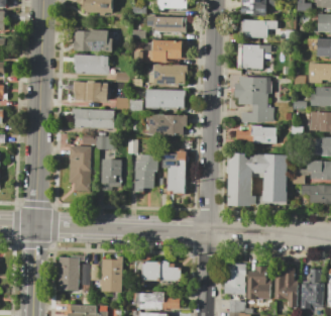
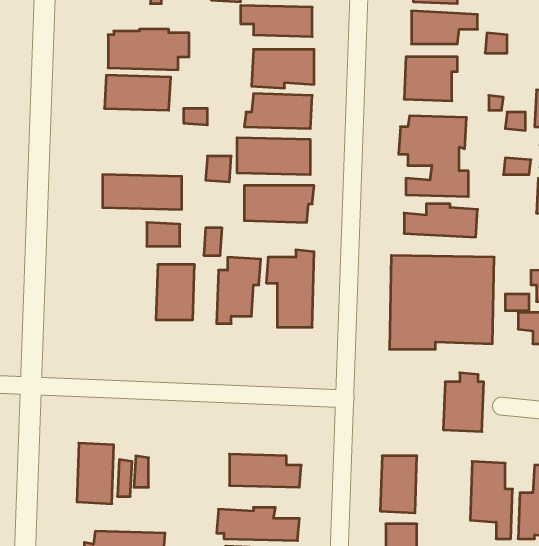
building: [73,82,108,100] -> none
building: [69,145,91,189] -> none
building: [100,258,121,292] -> none
building: [246,267,268,299] -> [443,373,484,432]

